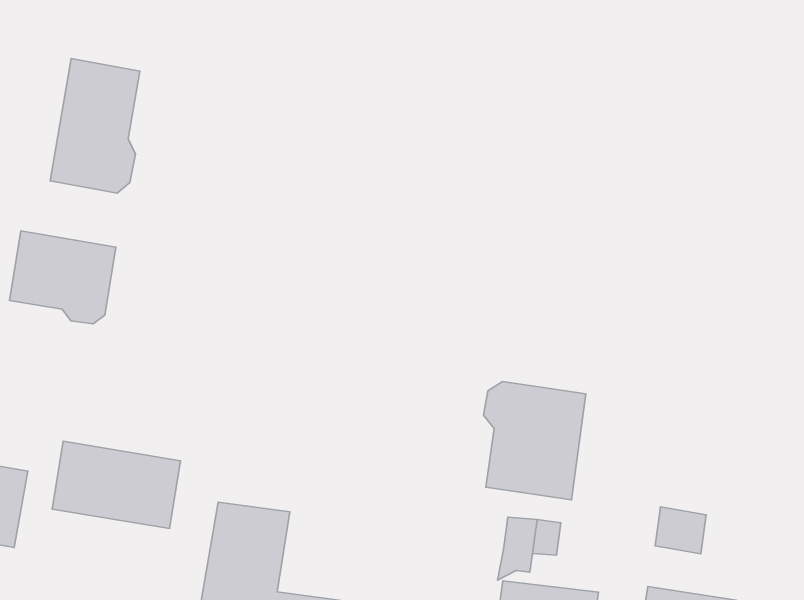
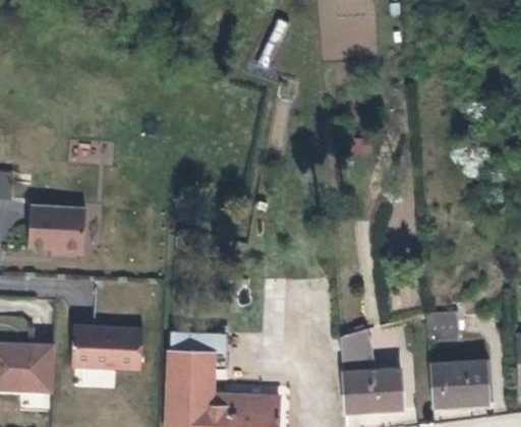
building: [50,58,140,193] -> none
building: [484,382,586,500] -> none

